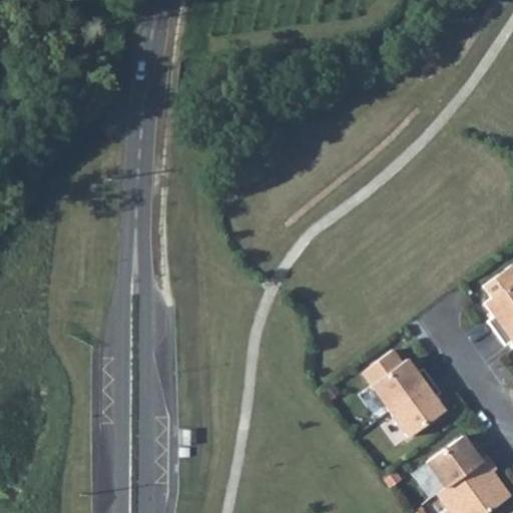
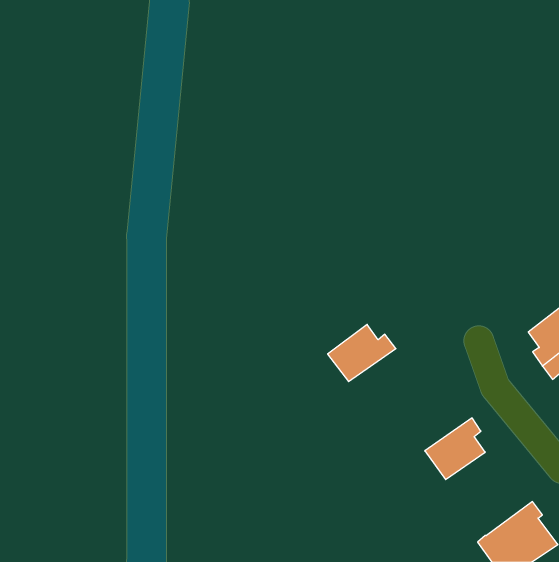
building: [371,359,433,411] -> [328,324,396,382]
building: [427,436,488,488] -> none

